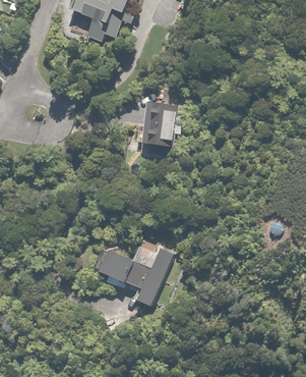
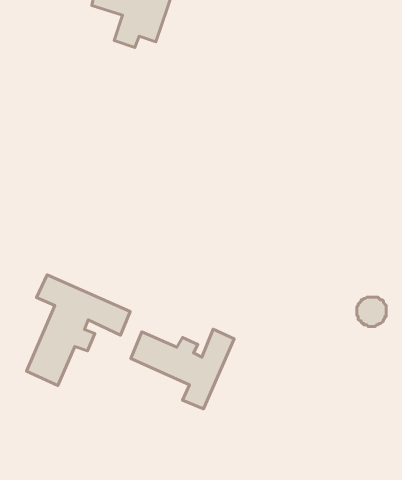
building: [139,100,176,146] -> none
building: none -> [27,275,130,385]

